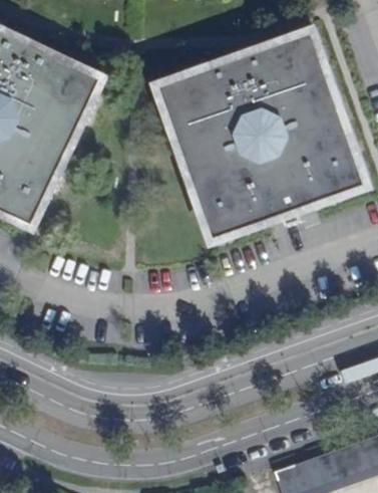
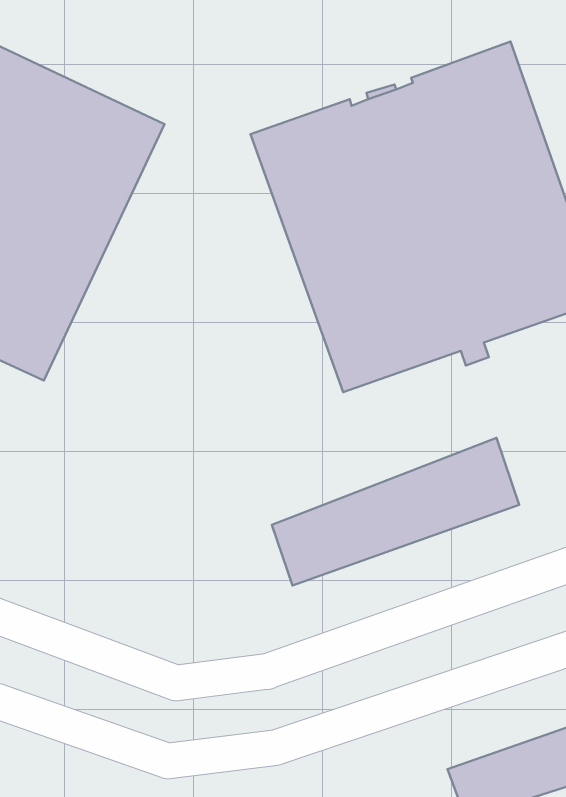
building: none -> [272,438,519,586]

